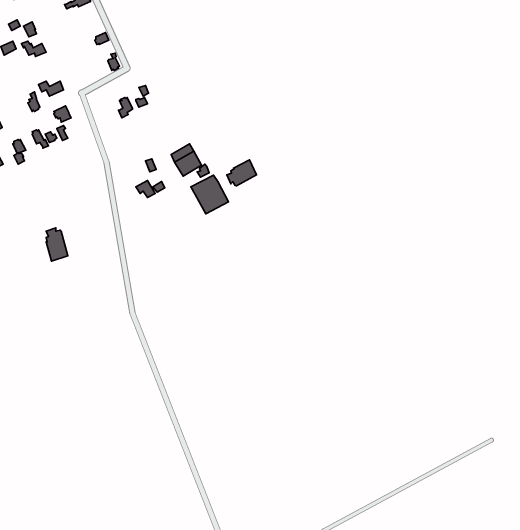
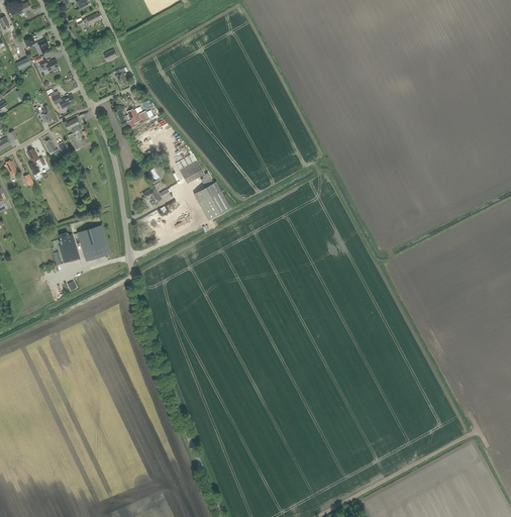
building: [227,160,256,186] -> none
building: none -> [77,224,110,261]

